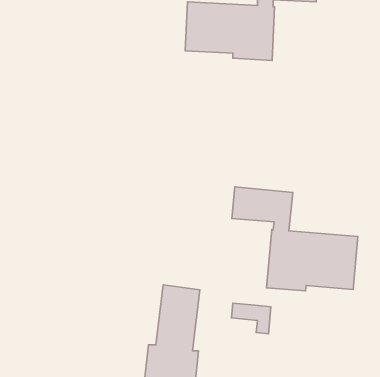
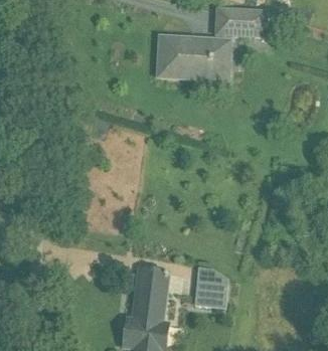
building: [232,187,358,291] -> none

